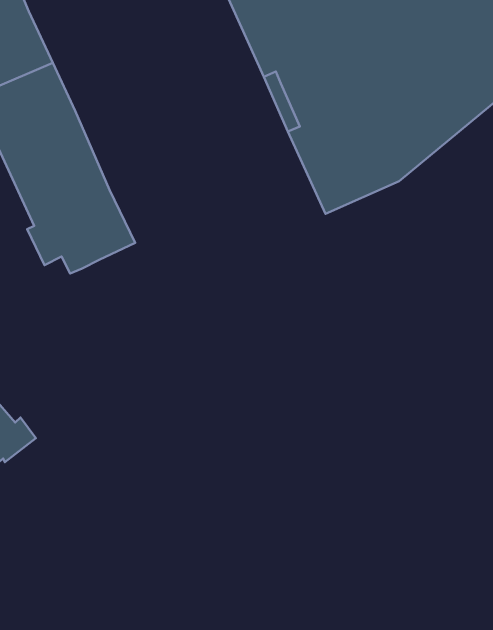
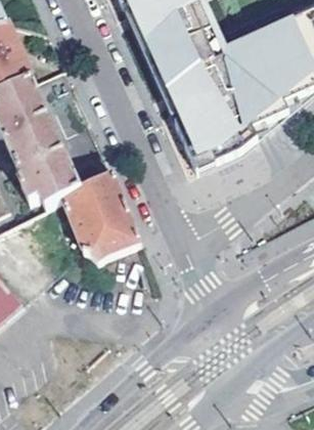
building: none -> [62,176,142,262]

